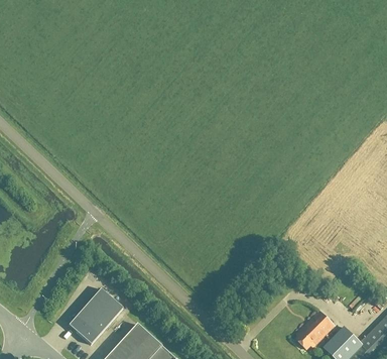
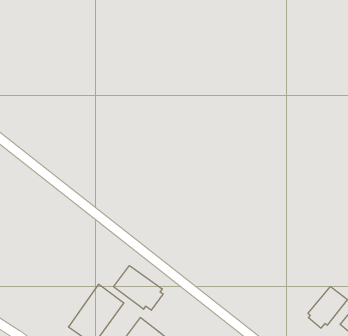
building: none -> [113,266,163,310]

